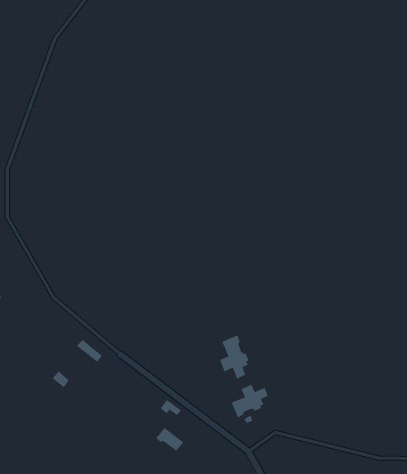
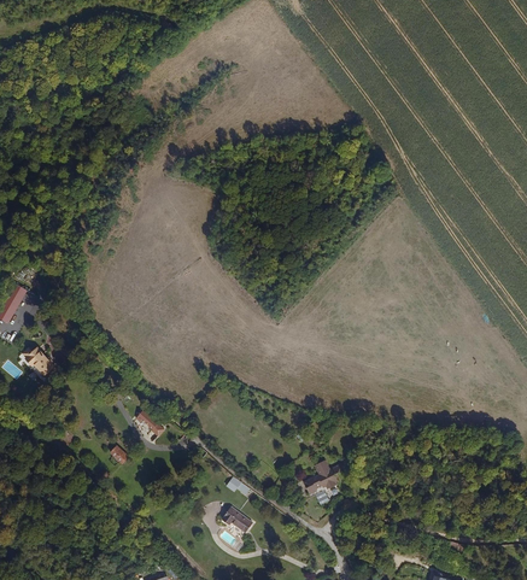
building: [220,335,249,380] -> none

